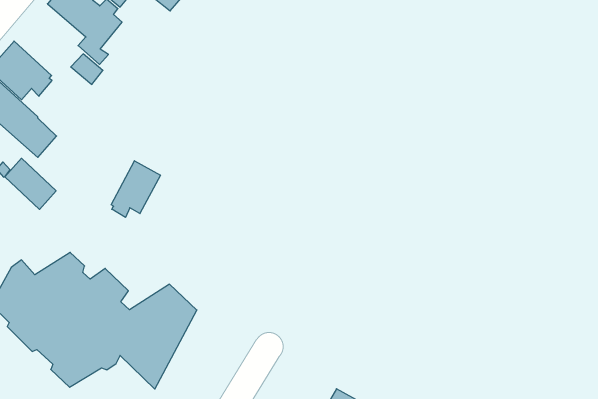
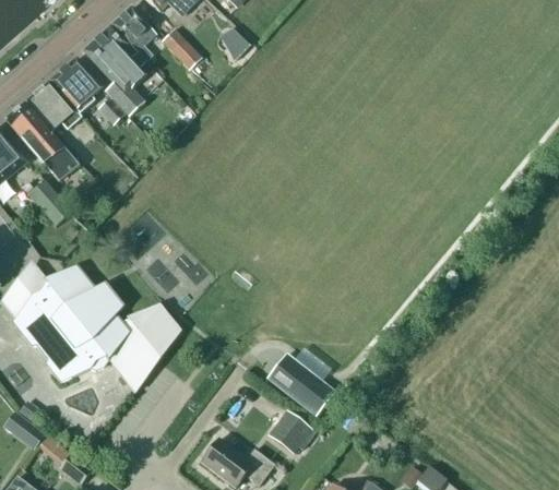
building: none -> [51,57,103,112]
building: [111,161,160,217] -> none
building: none -> [270,354,334,414]

